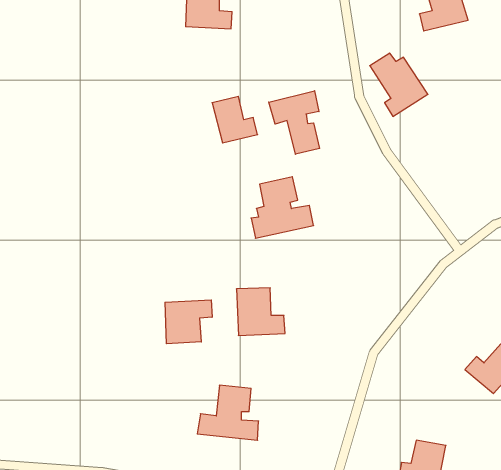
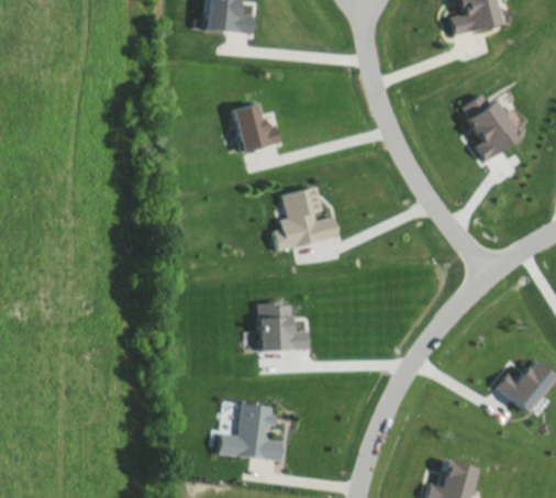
building: [370,53,428,116] -> [459,93,520,159]
building: [269,91,320,154] -> none
building: [165,300,212,344] -> none

